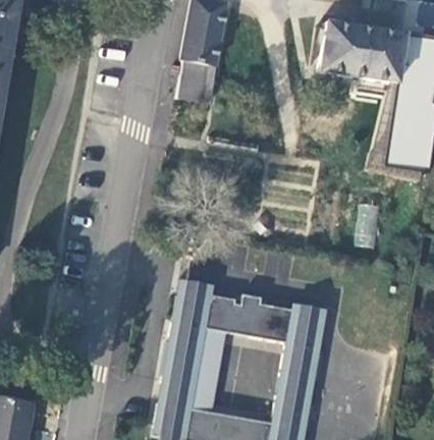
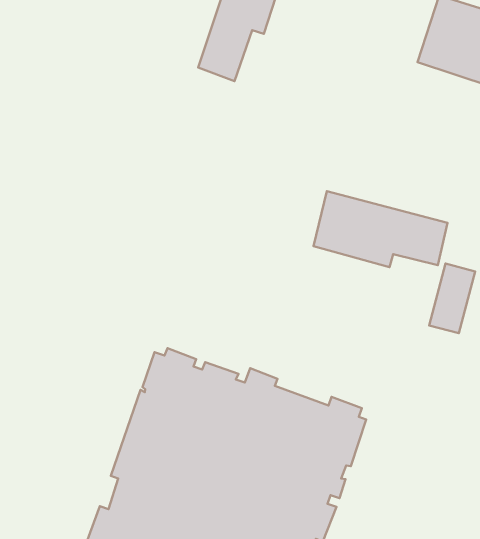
building: none -> [313,191,448,267]

